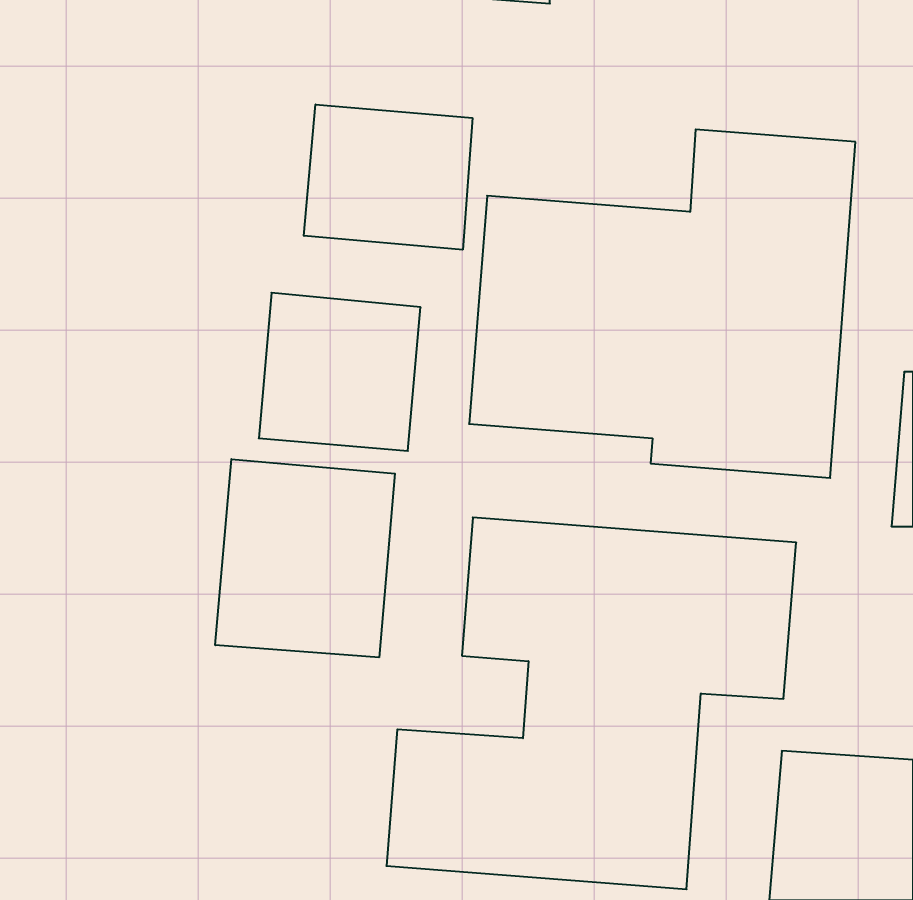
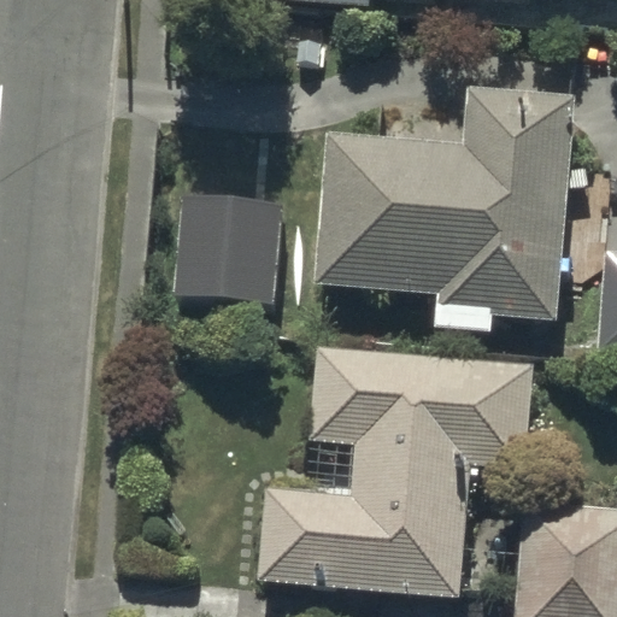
building: [304,104,472,250] -> none
building: [215,459,395,657] -> none

